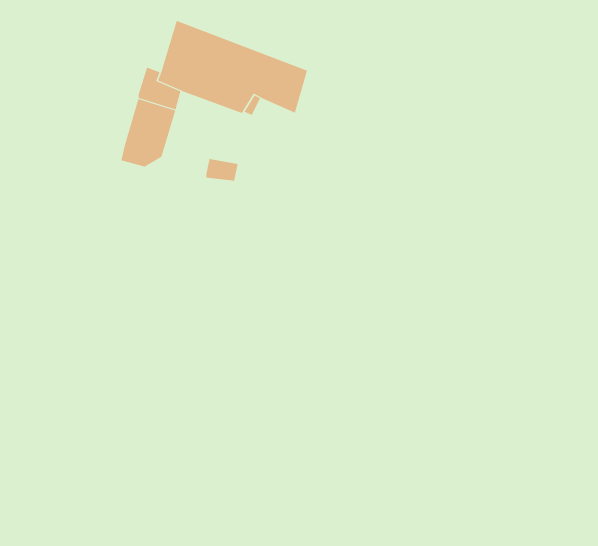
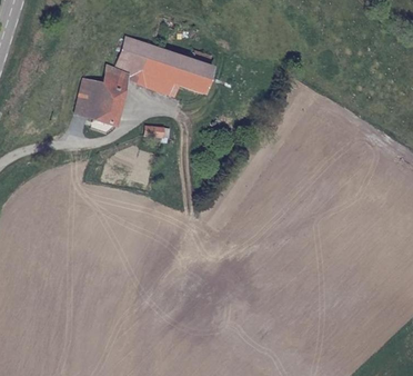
building: none -> [77,78,102,115]

